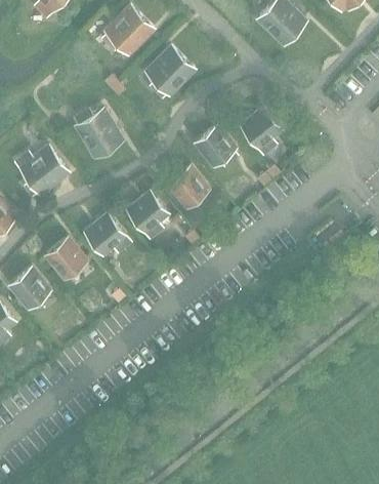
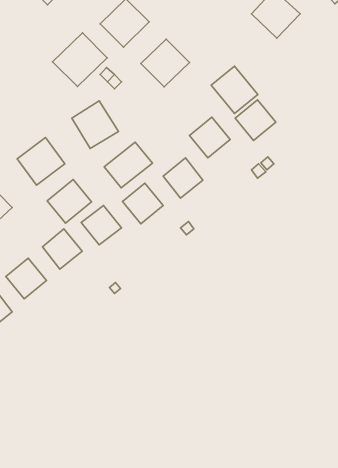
building: none -> [53,33,107,87]
building: none -> [211,66,258,113]
building: none -> [104,142,152,188]
building: none -> [47,180,92,223]

